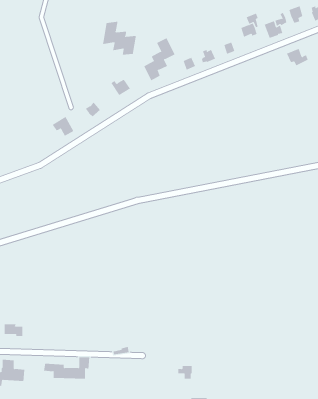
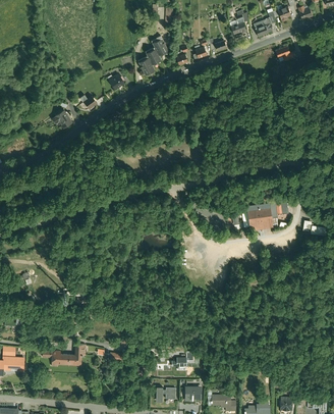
building: [102,21,136,56] -> none
building: none -> [242,203,289,230]

